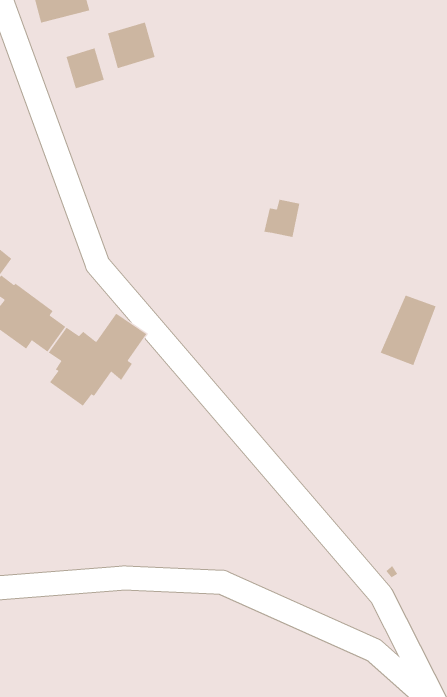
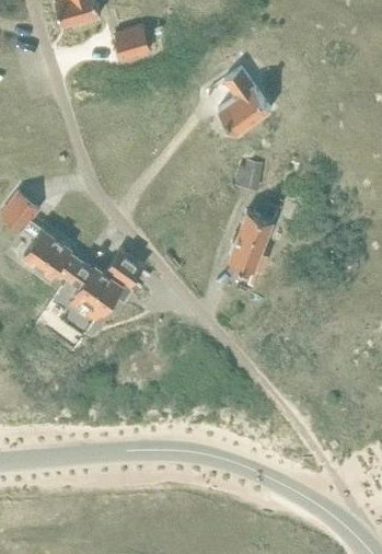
building: [66,48,104,89] -> none
building: none -> [216,67,270,138]
building: [380,295,437,366] -> [228,215,271,269]

